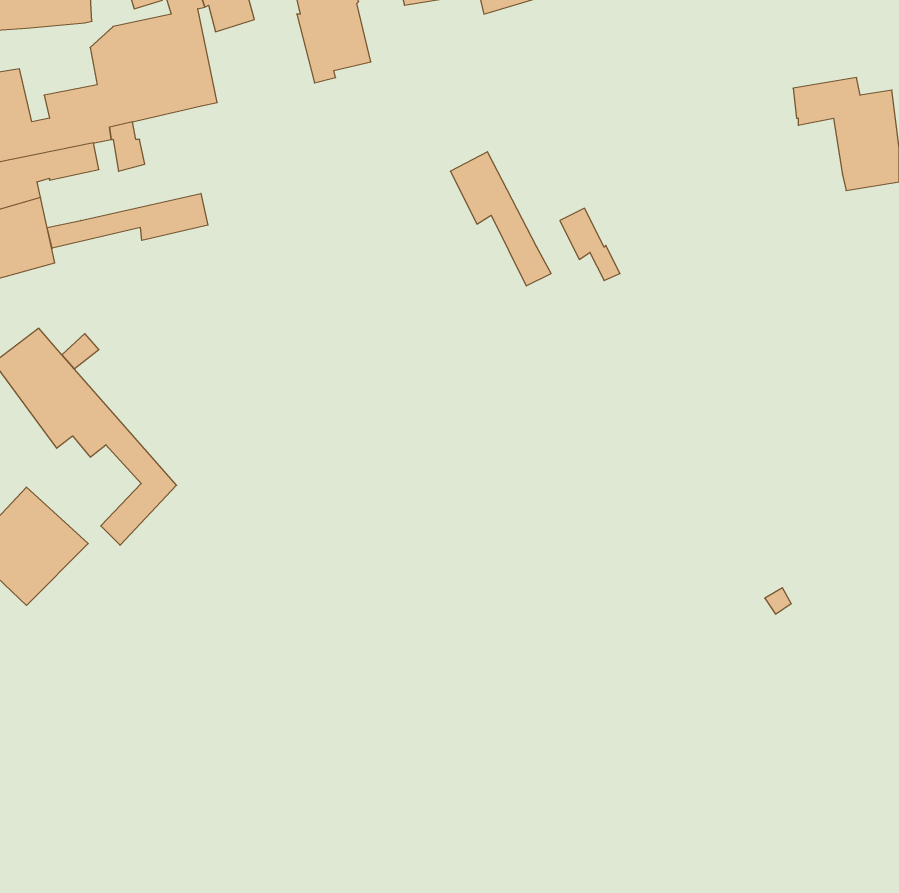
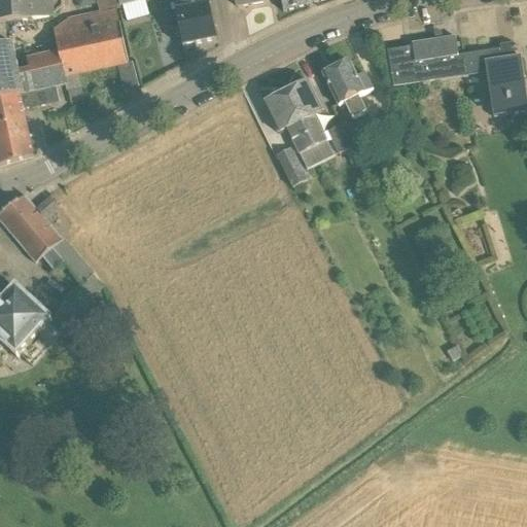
building: none -> [386,33,465,84]
building: none -> [322,58,372,115]
building: none -> [284,78,333,160]
building: [47,193,208,248] -> none
building: none -> [275,145,307,184]

